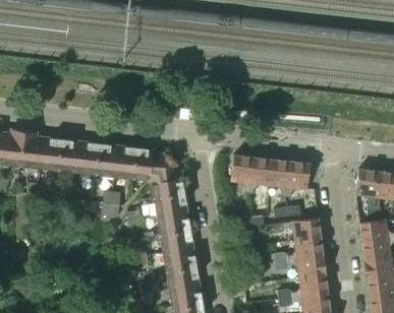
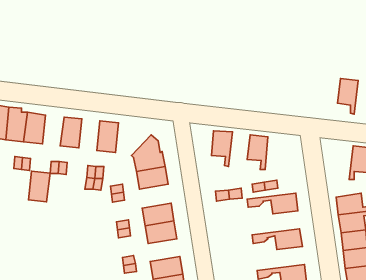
building: [57,138,79,170] -> [29,171,50,202]
building: [95,142,116,175] -> none
building: [132,146,169,180] -> none
building: [248,155,271,191] -> none
building: [286,161,307,195] -> none
building: [355,168,377,204] -> [338,78,358,114]
building: [157,209,189,234] -> none
building: [272,237,322,261] -> none
building: [166,265,199,289] -> none
building: [277,273,327,298] -> none

